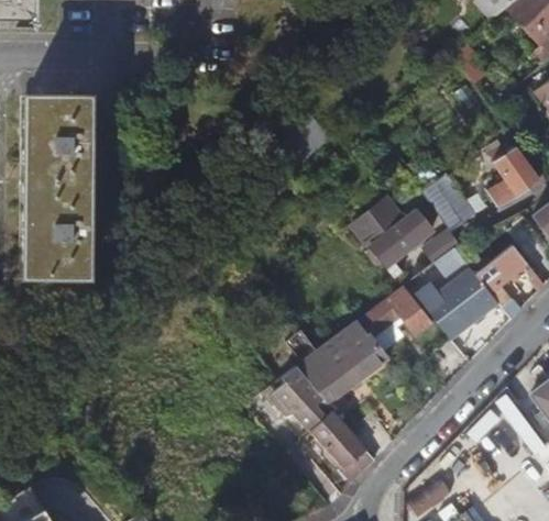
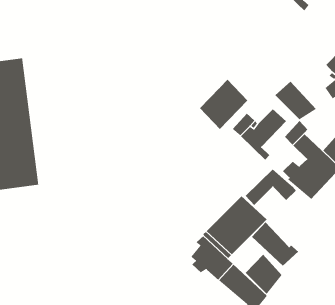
building: none -> [199,79,248,130]
building: none -> [251,222,299,266]
building: none -> [245,254,282,295]

